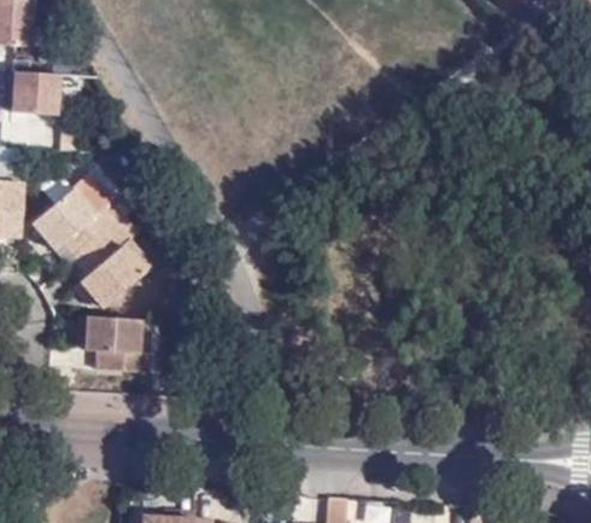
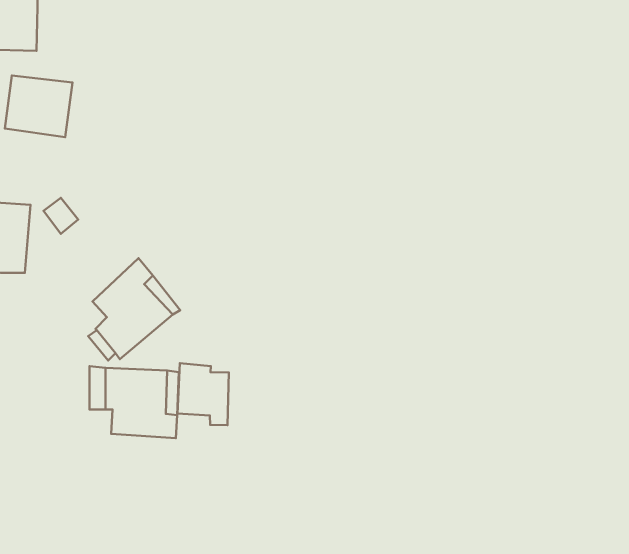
building: [34,193,118,262] -> none
building: none -> [177,363,229,425]

